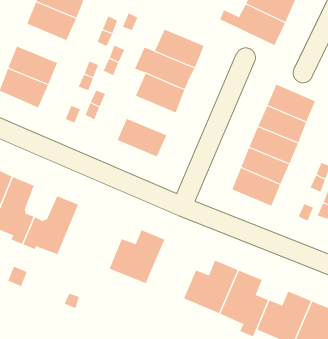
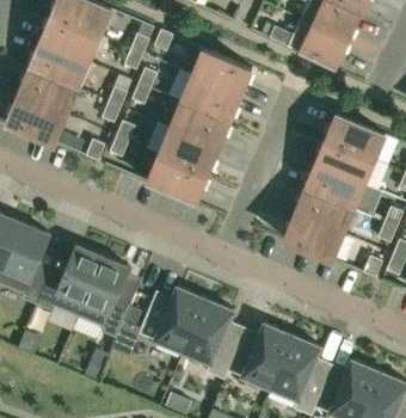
building: none -> [29,42,88,88]
building: none -> [159,128,219,174]
building: none -> [78,257,130,338]
building: none -> [183,299,241,377]

